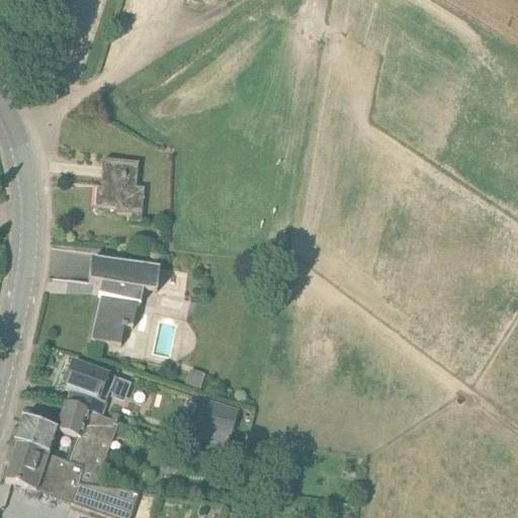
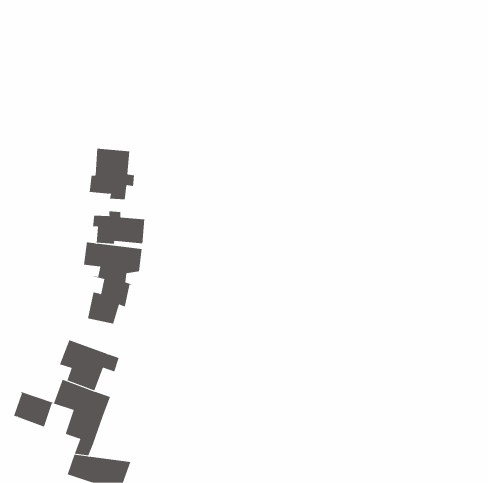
building: none -> [92,210,145,244]
building: [199,401,238,441] -> none
building: [6,441,85,502] -> none

